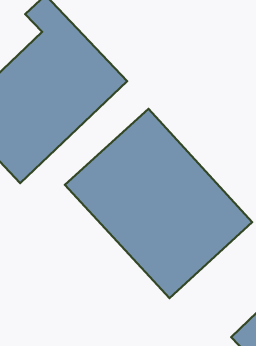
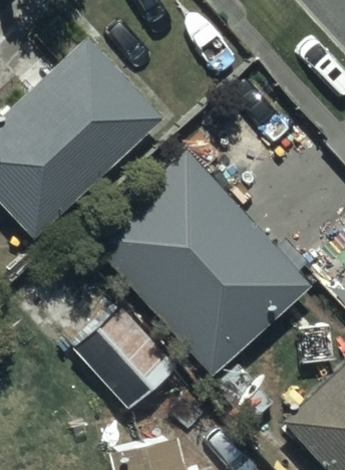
building: none -> [74,306,181,415]

